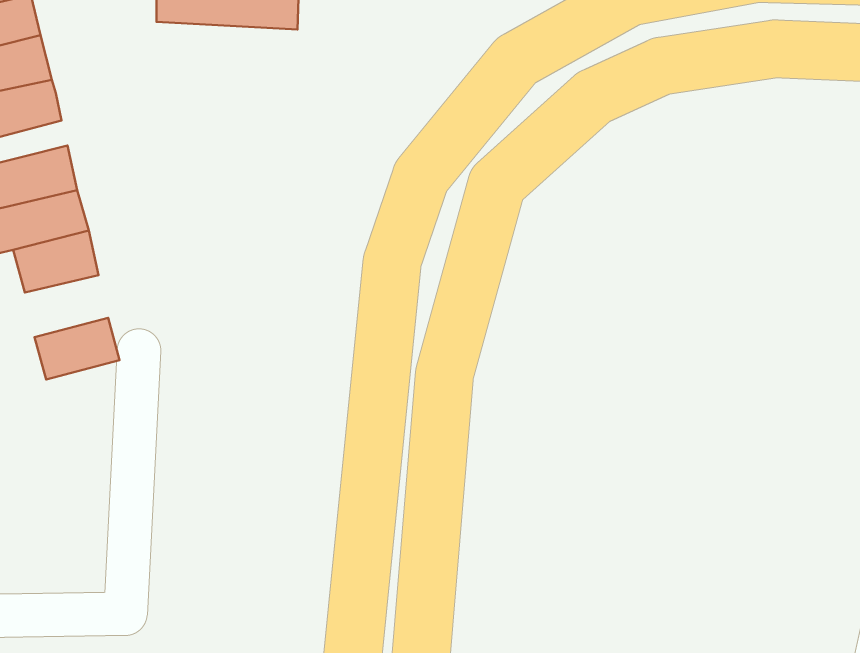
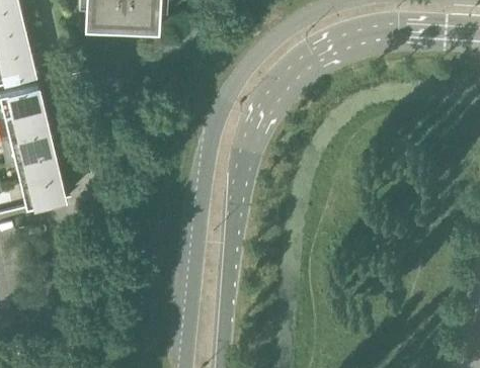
building: none -> [17,155,61,187]

